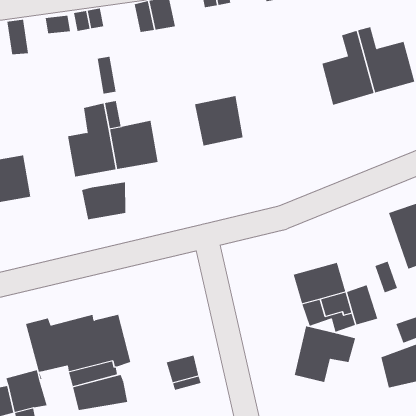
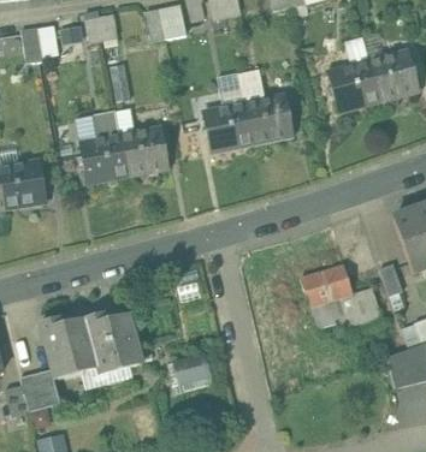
building: none -> [238,69,294,143]
building: [82,181,126,220] -> none
building: [294,326,356,383] -> none
building: [72,374,128,411] -> none

